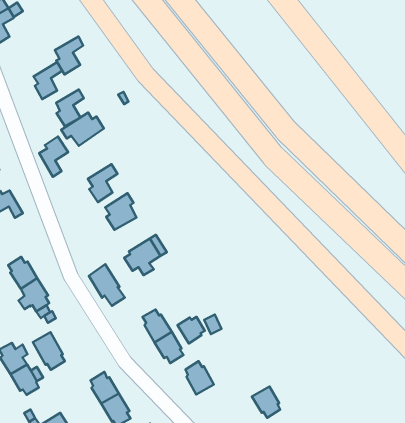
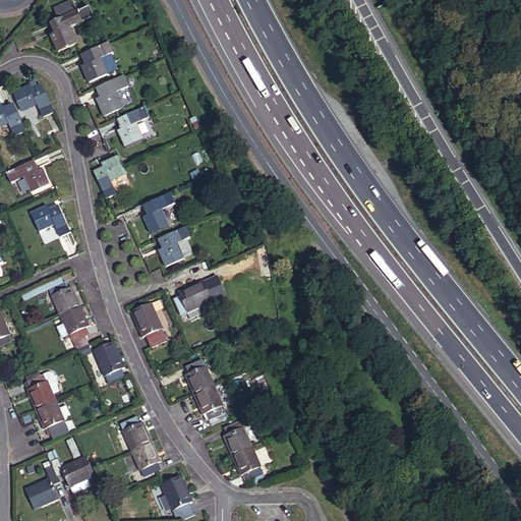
building: [55,37,83,74] -> [86,42,118,80]
building: [61,113,104,146] -> none
building: [177,317,205,344] -> none
building: [33,332,65,370] -> [92,342,123,383]
building: [252,386,280,418] -> [230,446,258,479]

